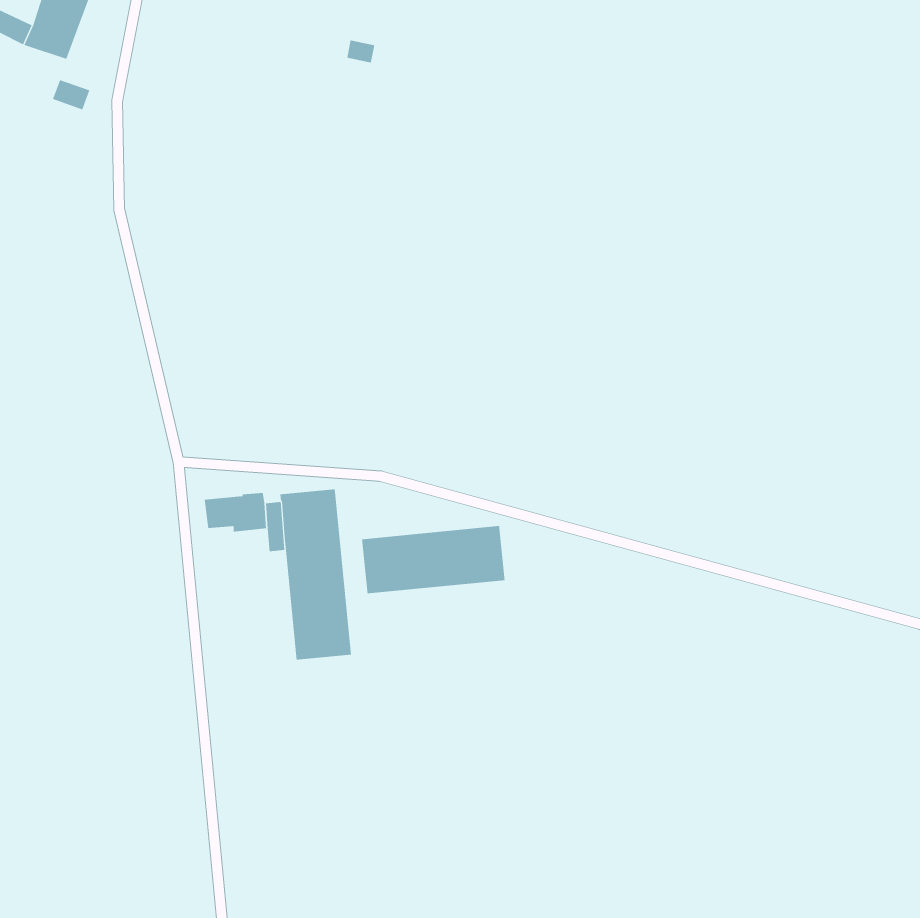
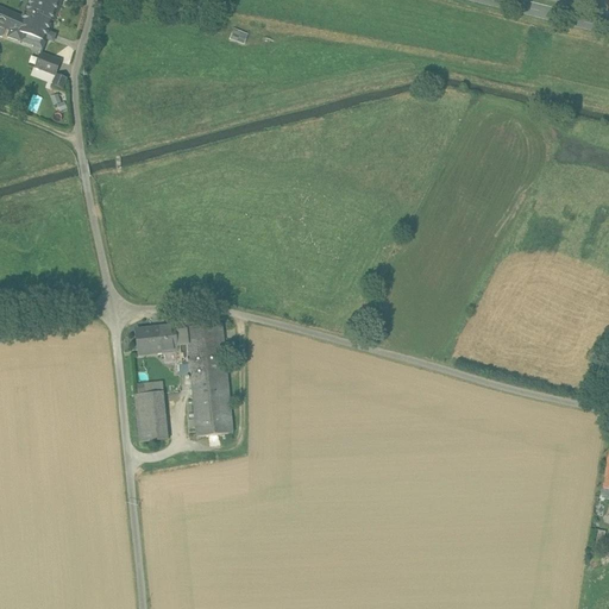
building: [362,525,505,594] -> none
building: none -> [133,391,167,441]

